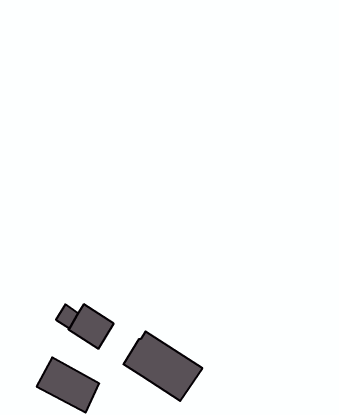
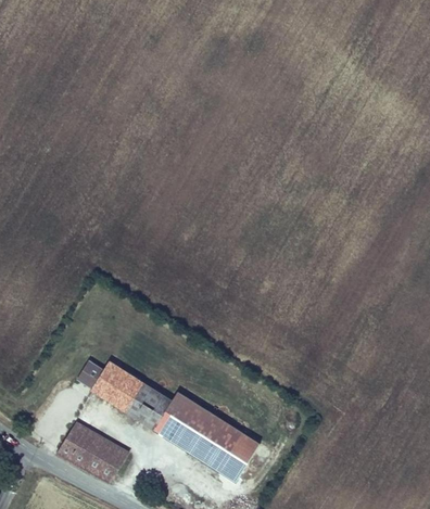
building: none -> [126,383,172,429]
building: none -> [218,433,258,481]

